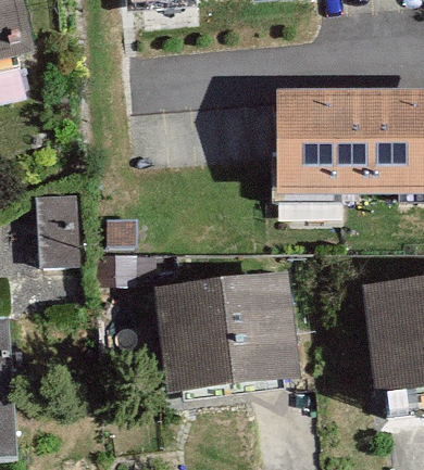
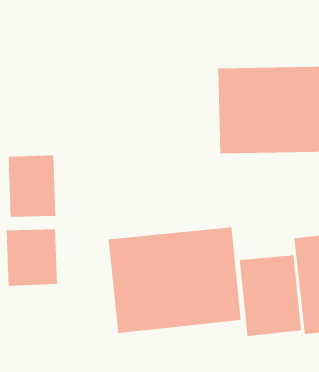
building: none -> [6,229,57,287]
building: none -> [239,255,301,337]

